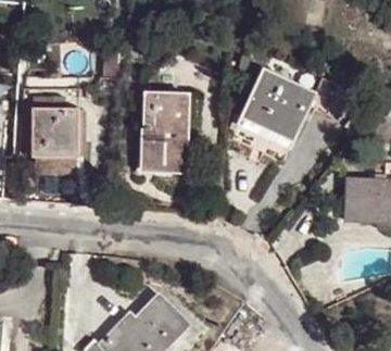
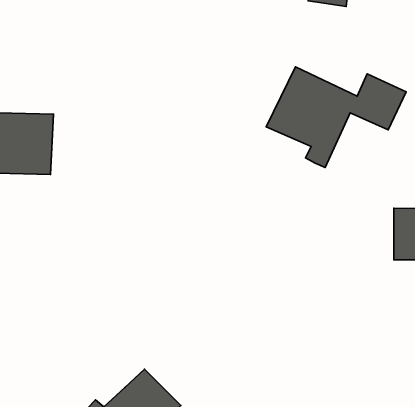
building: [142,91,188,165] -> none

